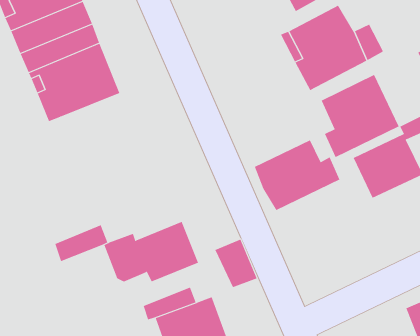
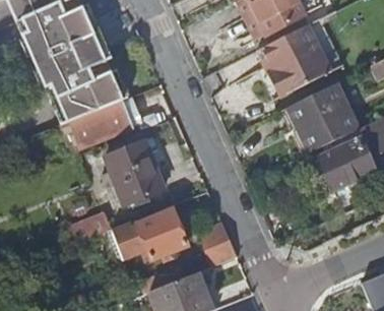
building: none -> [70,101,132,148]
building: none -> [101,139,165,204]
building: [254,140,340,211] -> none

